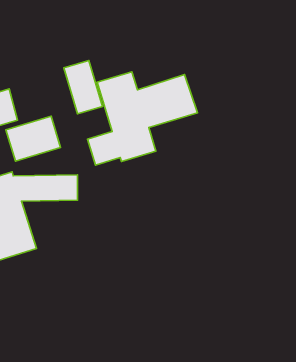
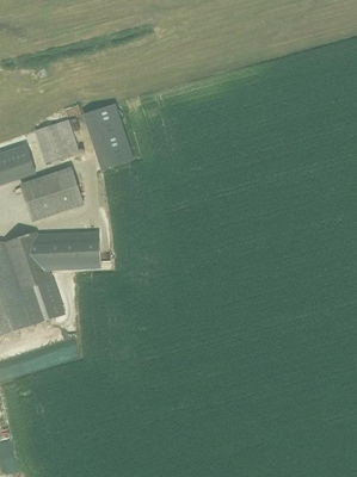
building: [88,72,197,165] -> none
building: none -> [33,119,78,163]

